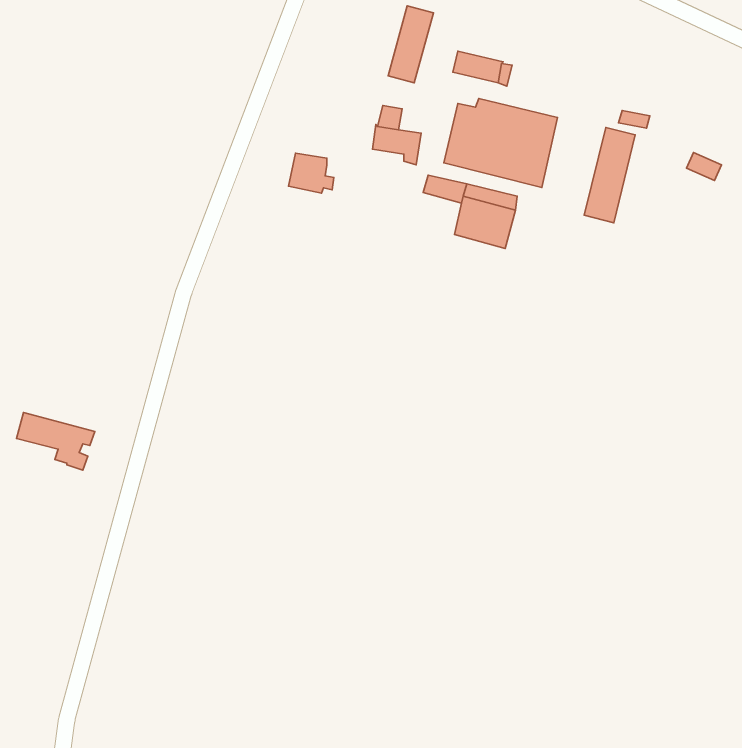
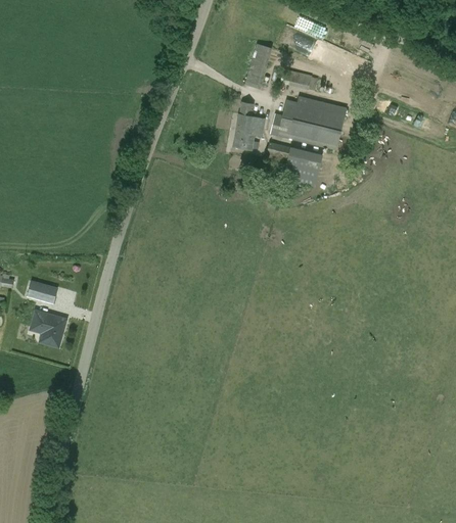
building: [584,127,635,223] -> none
building: [288,153,334,193] -> [232,127,259,150]
building: none -> [31,311,65,345]

